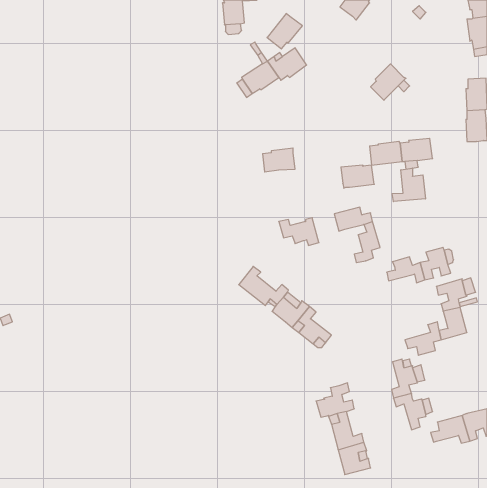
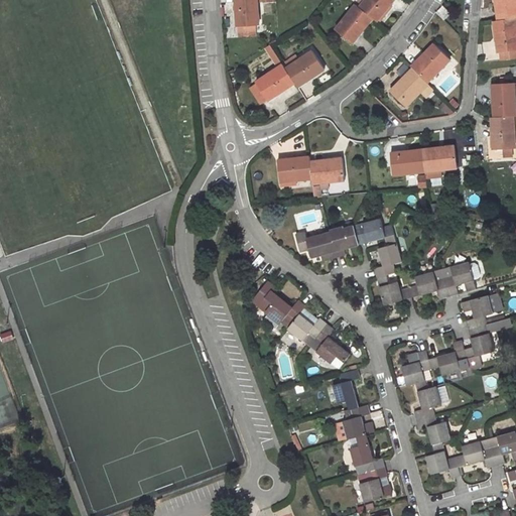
building: [267,14,302,49] -> [335,4,372,41]
building: none -> [412,43,449,82]
building: [341,165,374,188] -> [309,159,345,183]
building: [392,168,425,202] -> none
building: none -> [330,226,358,256]
building: none -> [376,275,413,308]
building: none -> [401,350,430,385]
building: none -> [333,369,360,409]
building: none -> [425,450,460,478]

